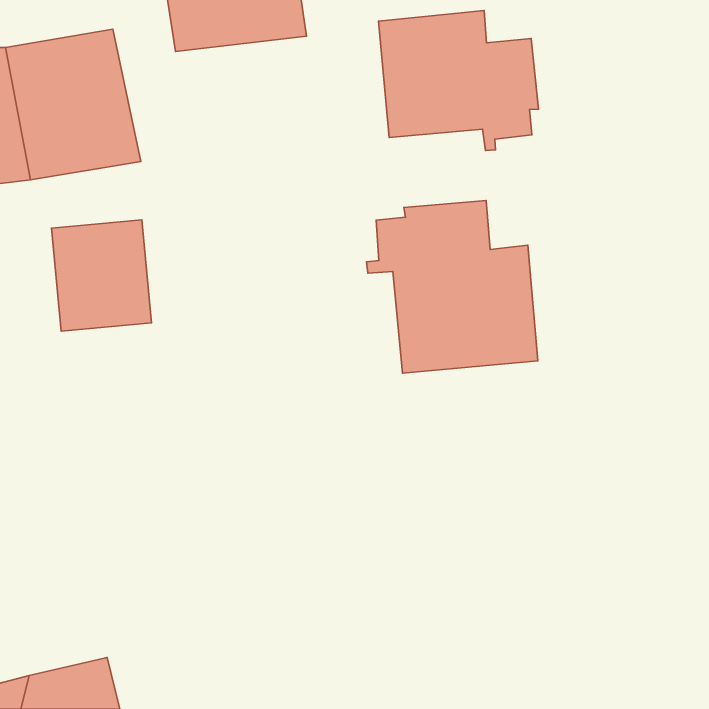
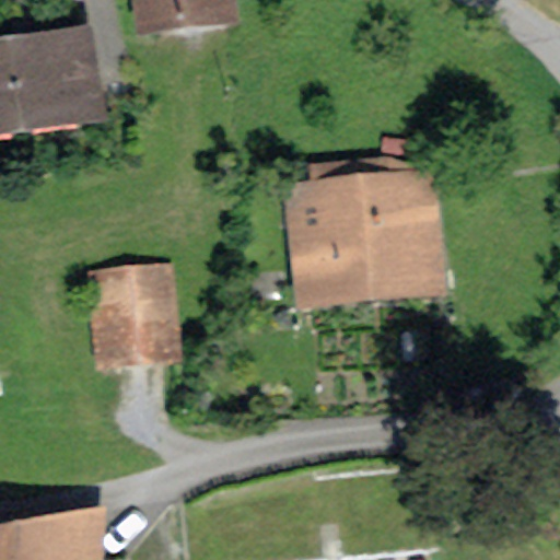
building: [378,11,538,150] -> none
building: [51,220,152,331] -> [93,271,172,359]

